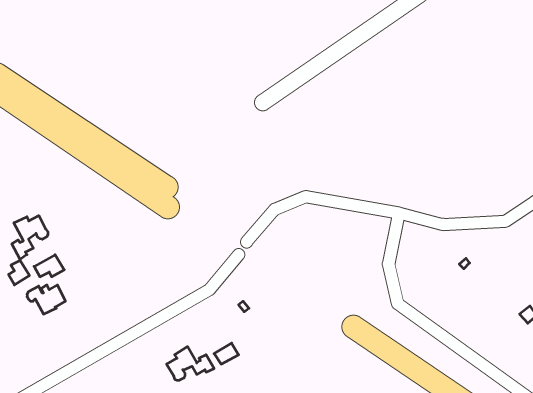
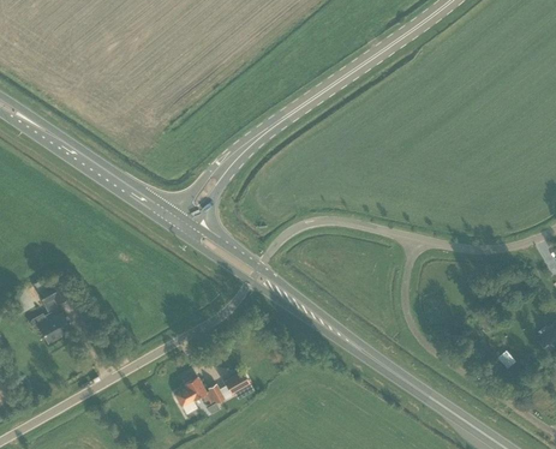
building: [12,216,48,259] -> none

